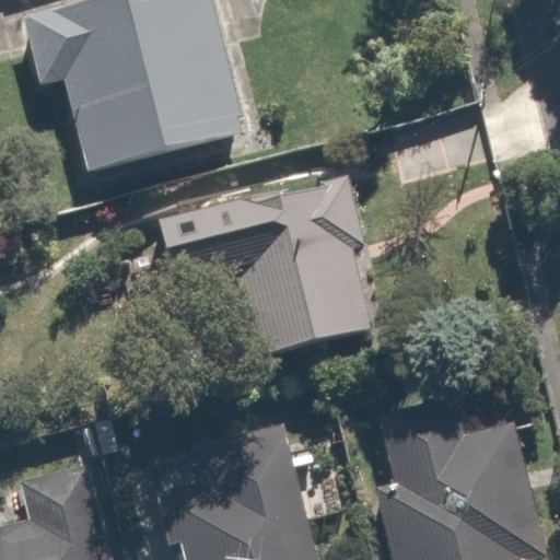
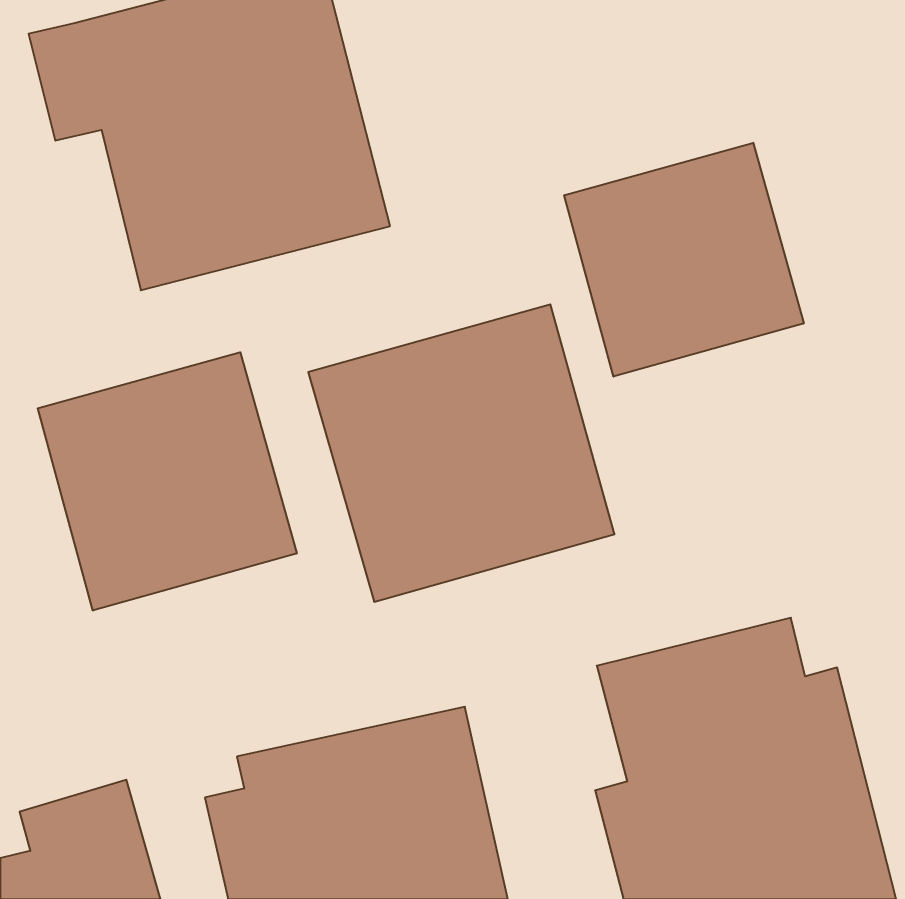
building: none -> [564,143,804,377]
building: none -> [38,352,297,611]

